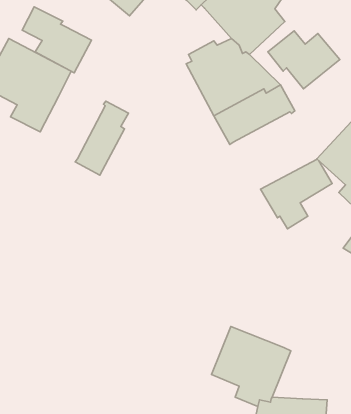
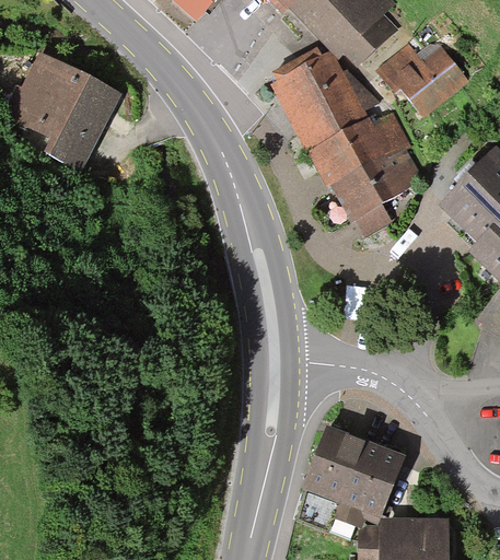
building: [22,7,91,73] -> none
building: [75,101,128,175] -> none
building: [260,159,332,229] -> [330,145,423,236]

